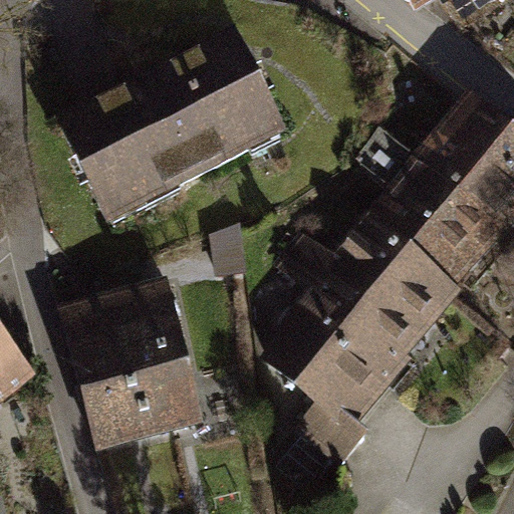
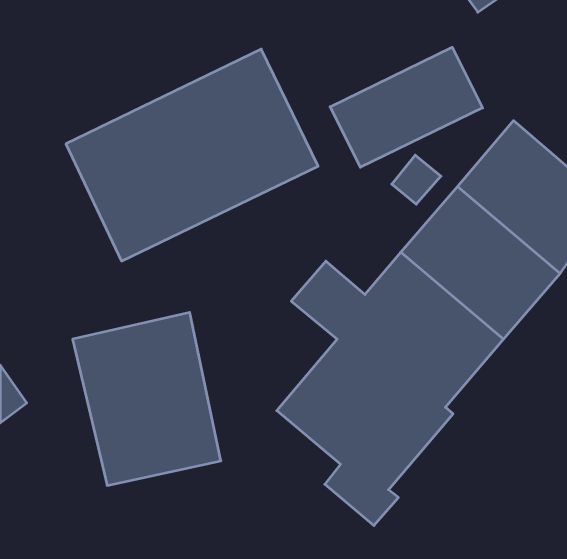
building: none -> [330,47,483,167]

